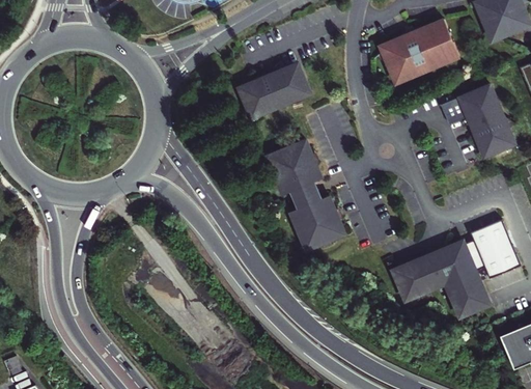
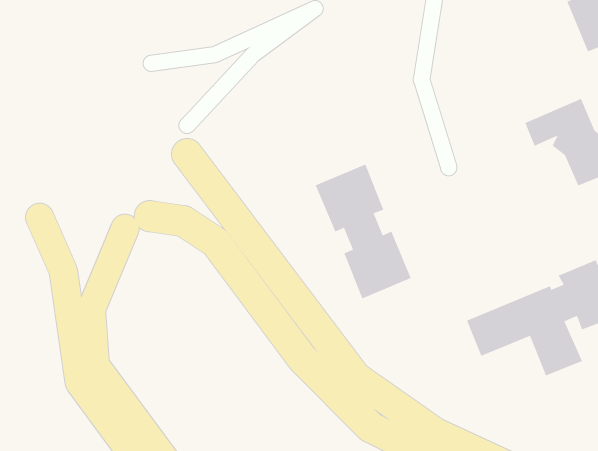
building: [379,22,458,85] -> none
building: [239,62,314,121] -> none

